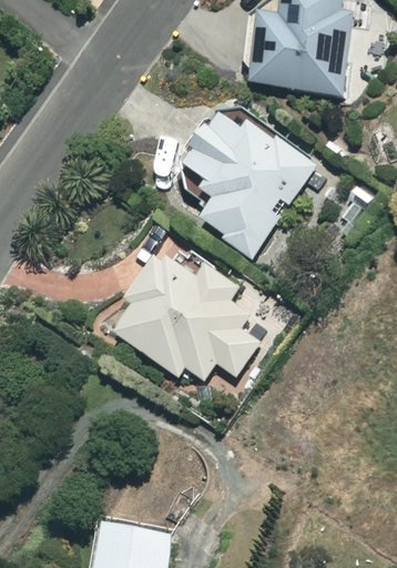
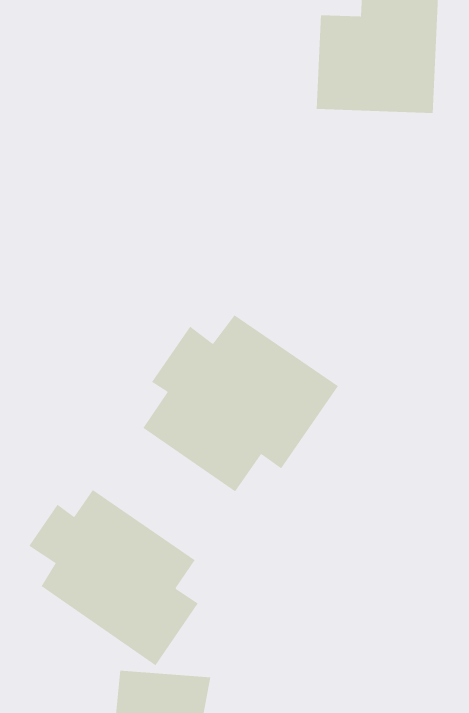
building: [181,103,308,252] -> none
building: none -> [29,489,199,666]

